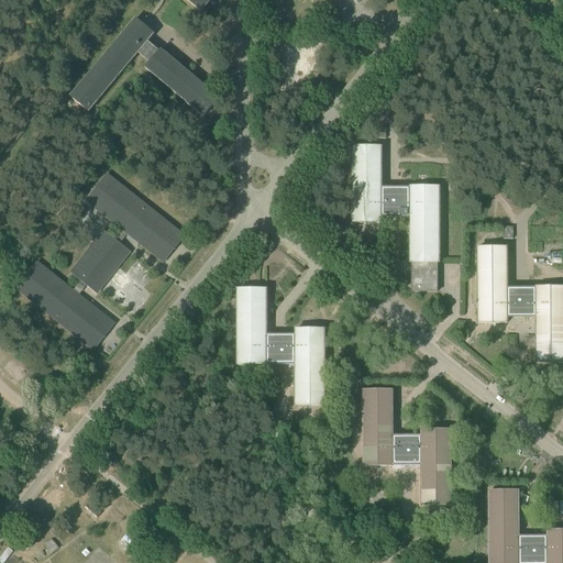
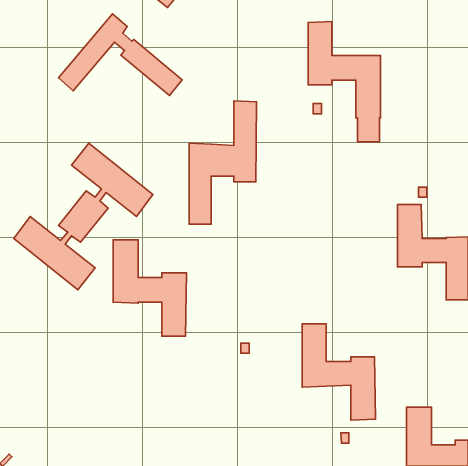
building: none -> [189,101,257,224]
building: [352,144,439,288] -> [308,22,380,142]
building: [236,287,324,402] -> [113,240,187,336]

